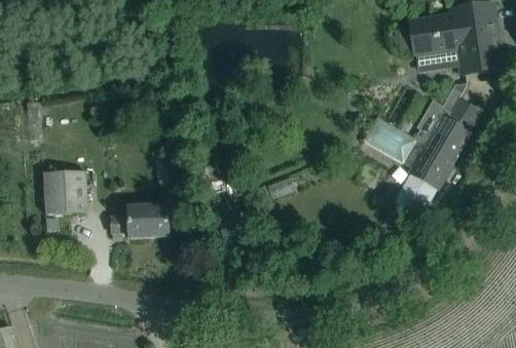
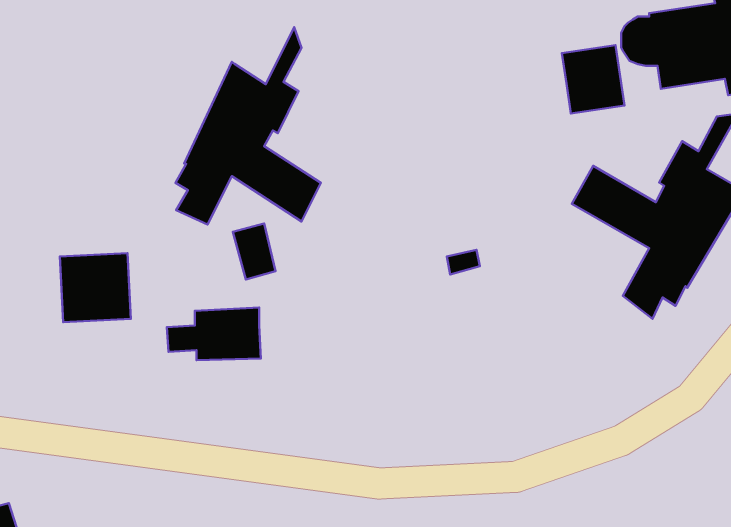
building: none -> [176,27,321,224]
building: none -> [562,45,624,114]

